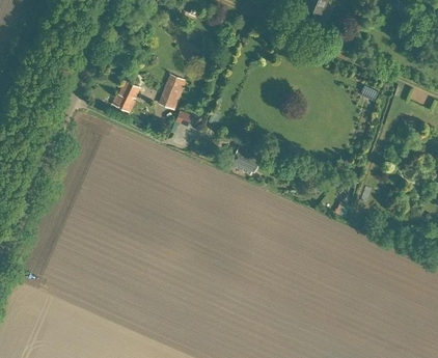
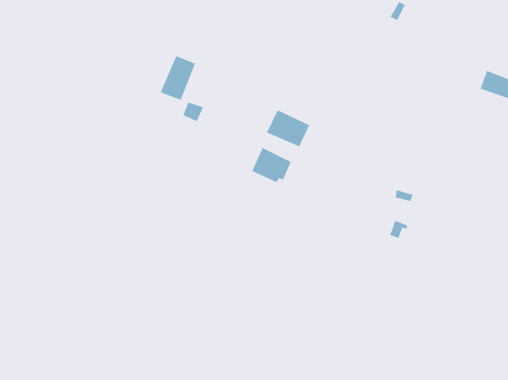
building: [112,81,141,112] -> none
building: none -> [266,110,310,147]

